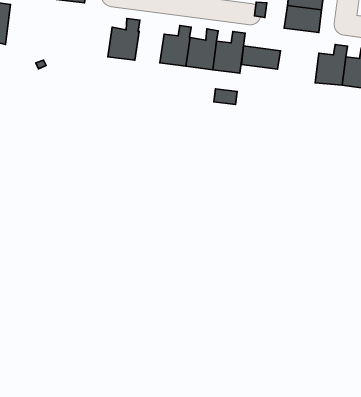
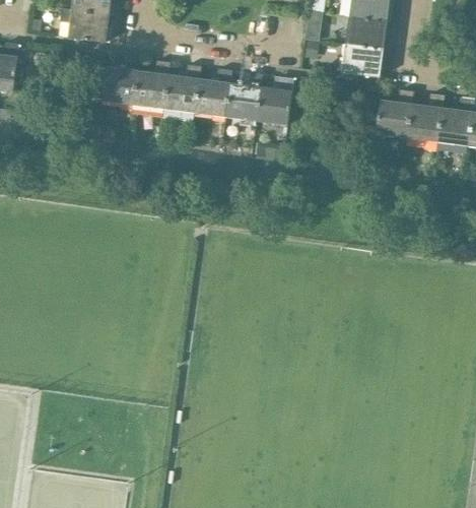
building: none -> [101,56,139,105]
building: none -> [164,64,201,112]
building: [241,46,281,69] -> none

